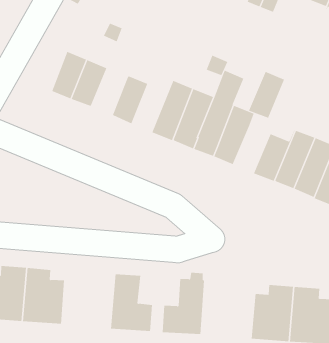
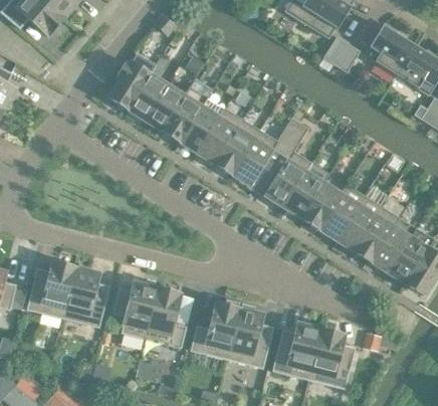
building: none -> [110,53,155,110]
building: none -> [162,86,207,142]
building: [248,71,285,119] -> [284,173,323,218]
building: none -> [197,108,242,164]
building: none -> [113,283,157,339]
building: none -> [227,303,273,368]

